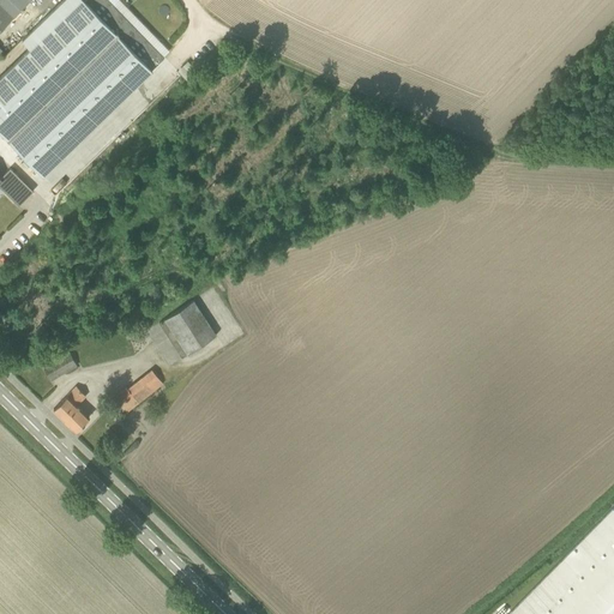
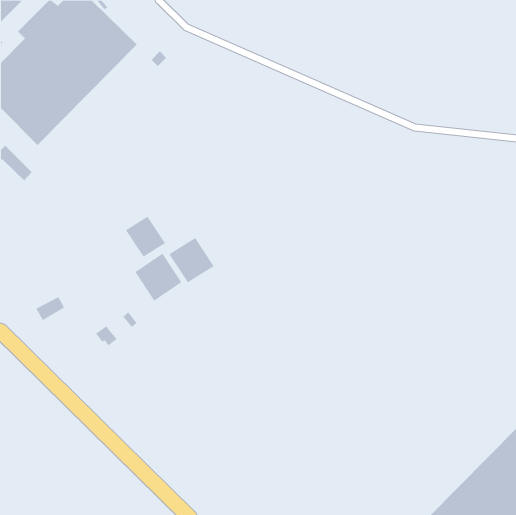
building: none -> [125,216,166,258]
building: none -> [169,237,214,283]
building: [55,389,91,433] -> none

